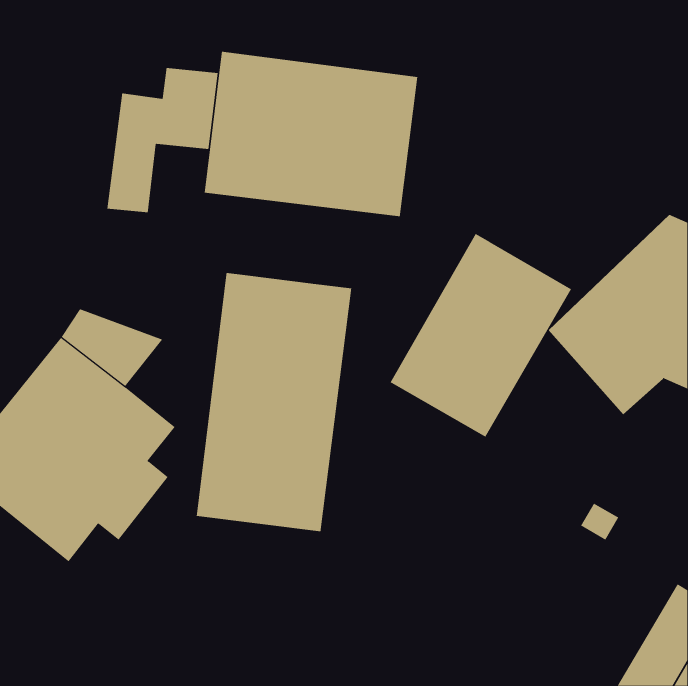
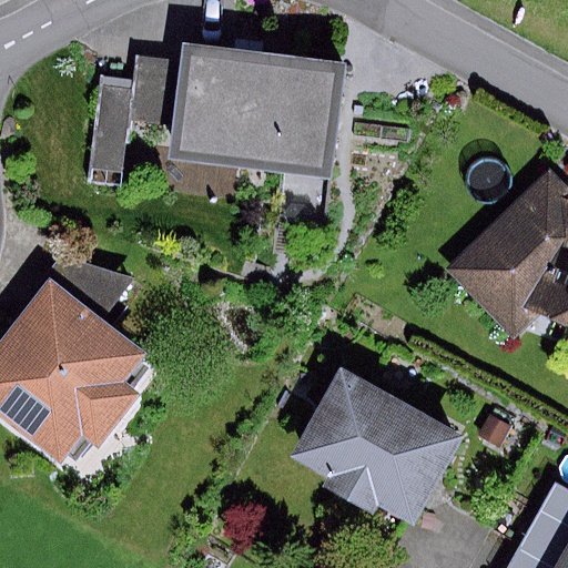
building: [390,233,572,438] -> none
building: [196,272,352,532] -> none
building: none -> [290,366,462,521]

